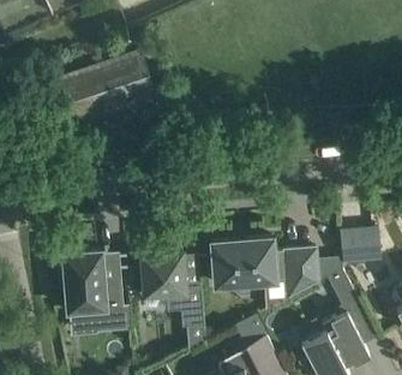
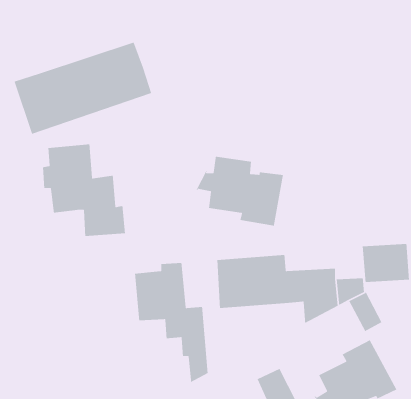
building: none -> [196,156,284,226]
building: [58,250,131,332] -> [42,143,126,237]

